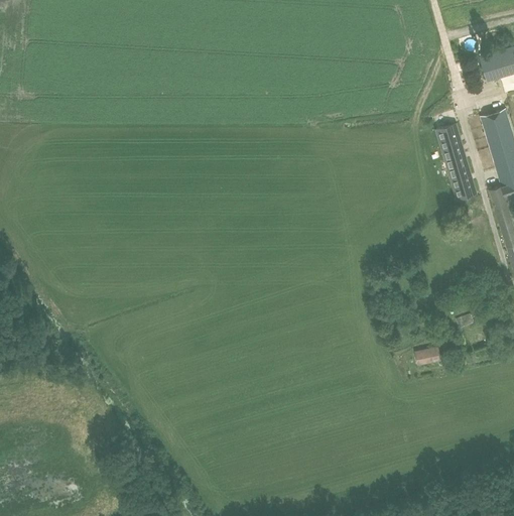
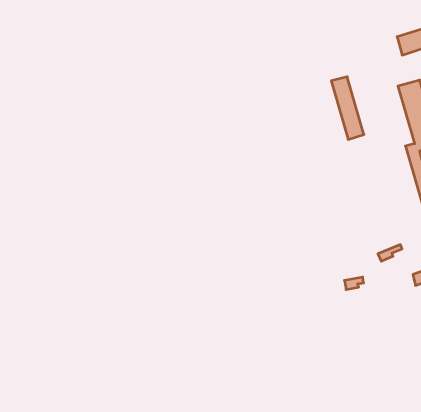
building: [438,125,478,201] -> [331,77,364,139]

